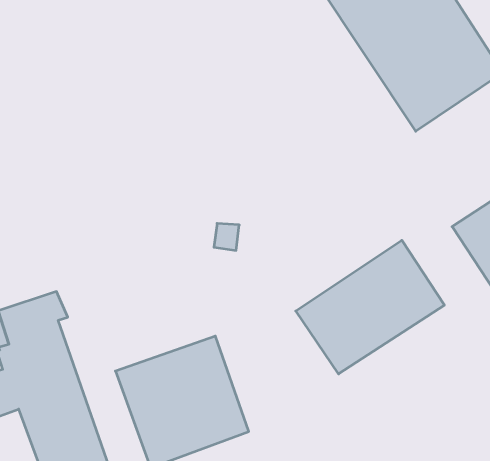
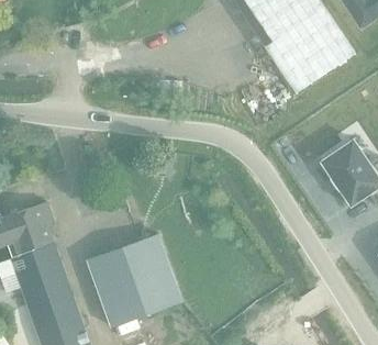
building: [296,240,444,374] -> none

